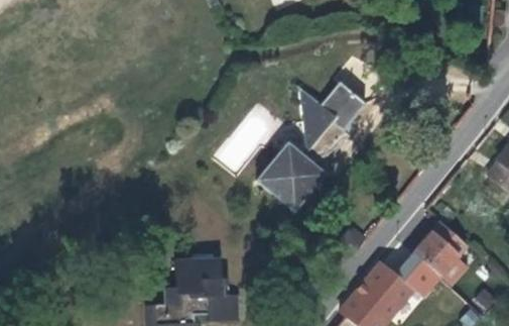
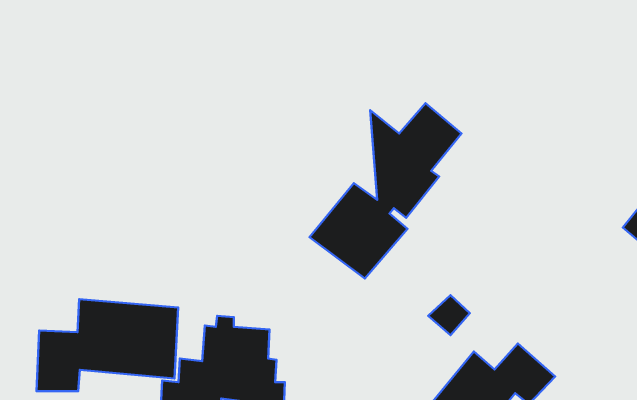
building: none -> [37,299,178,391]
building: [410,225,464,281] -> none

